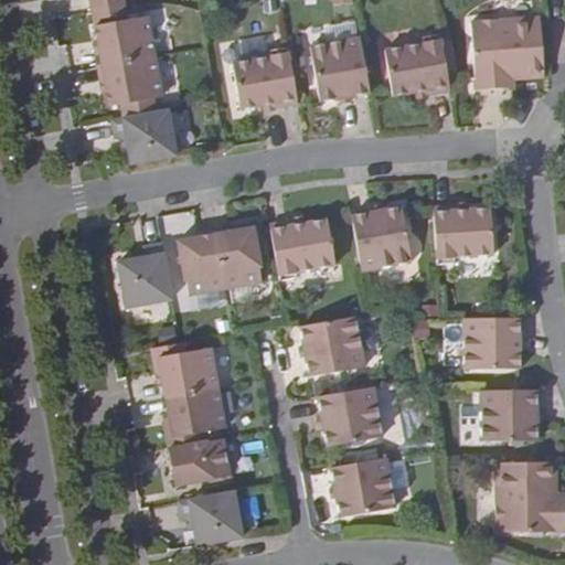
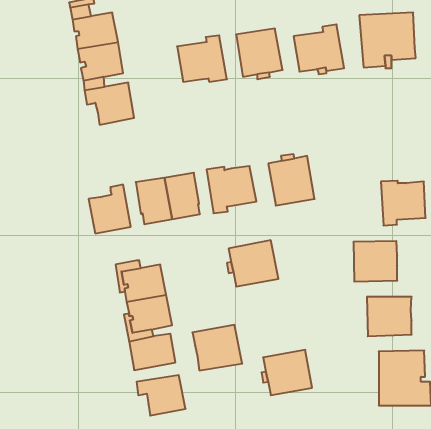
building: [434,205,492,264] -> [381,181,426,225]
building: [327,392,392,451] -> [192,325,242,370]

